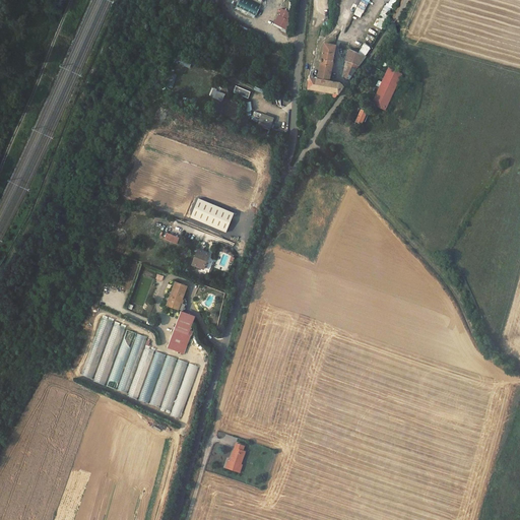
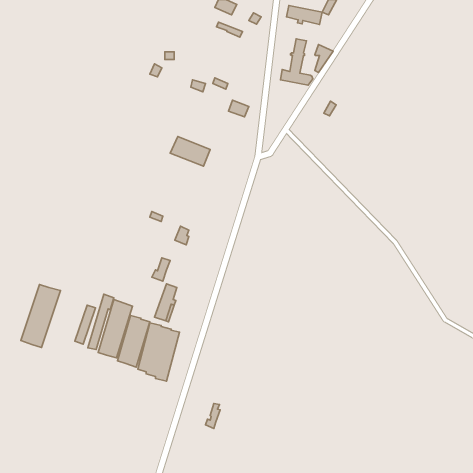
building: none -> [287,5,322,24]
building: [371,66,402,110] -> none
building: [190,198,234,231] -> [170,136,210,166]
building: none -> [21,284,61,347]

